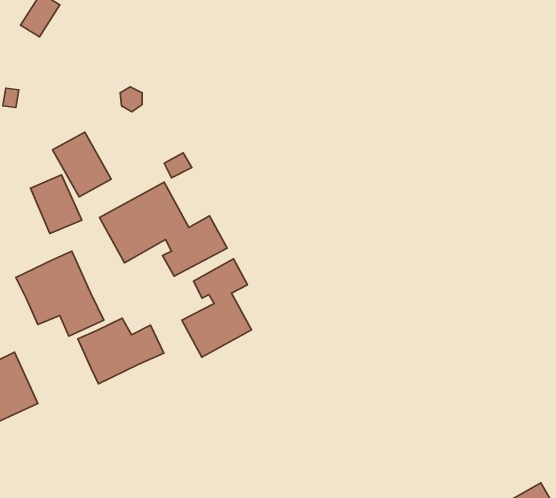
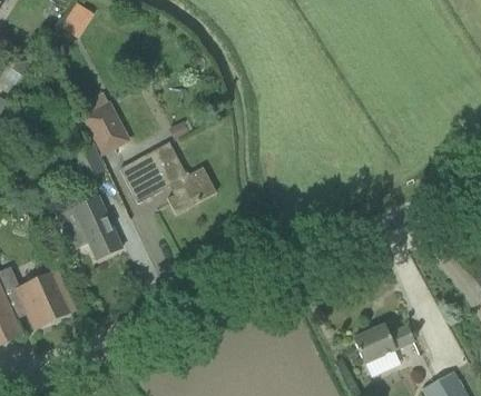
building: [182,259,251,357] -> none
building: [78,318,164,384] -> none
building: none -> [356,324,414,362]

